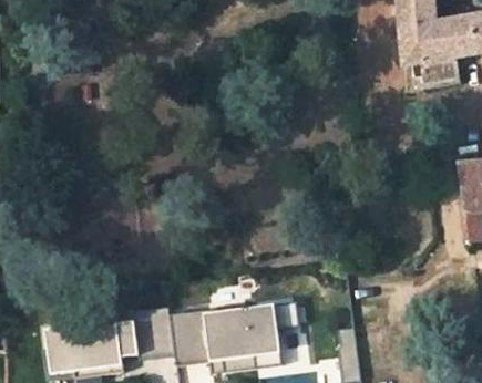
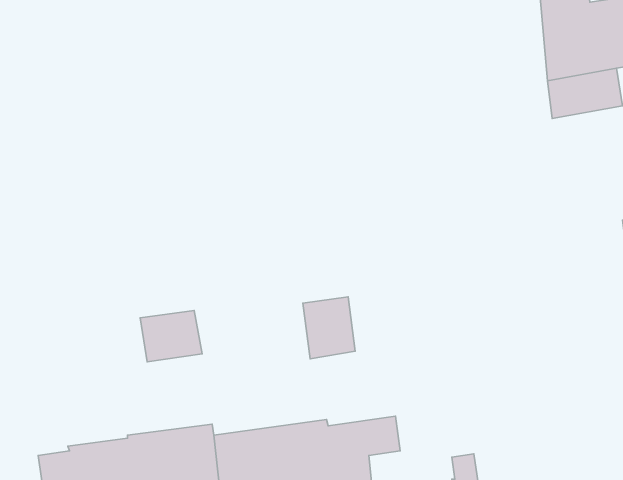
building: none -> [303,297,355,359]
building: none -> [140,310,202,362]

